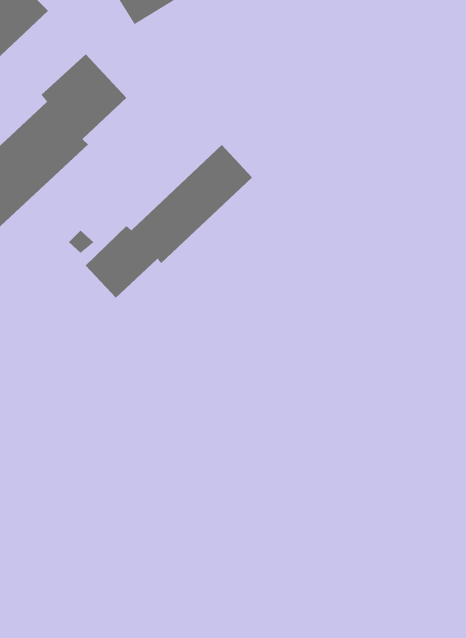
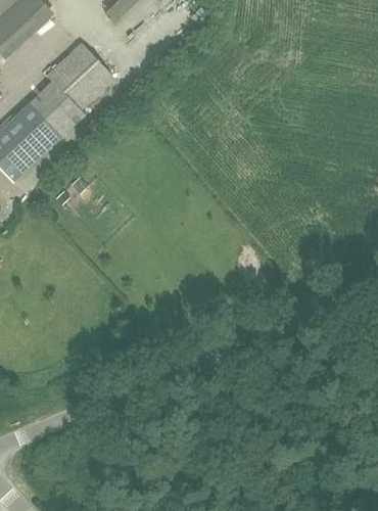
building: [85,144,253,299] -> none

